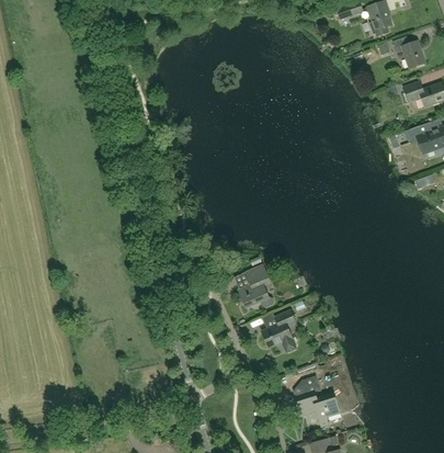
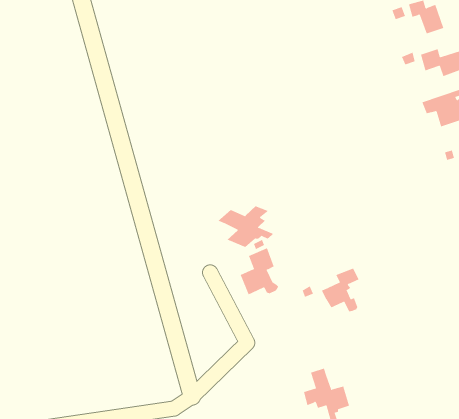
building: none -> [217,206,275,248]
building: [261,310,296,351] -> [321,268,359,312]

